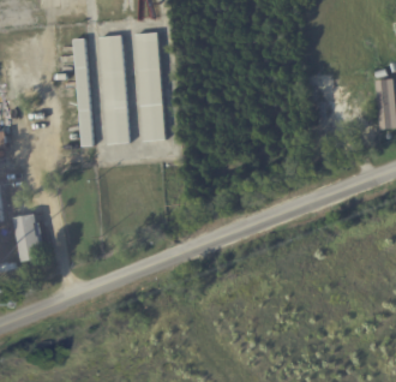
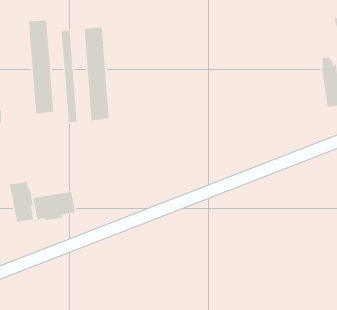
building: [136,32,166,142] -> [28,20,54,114]
building: none -> [33,191,76,221]

